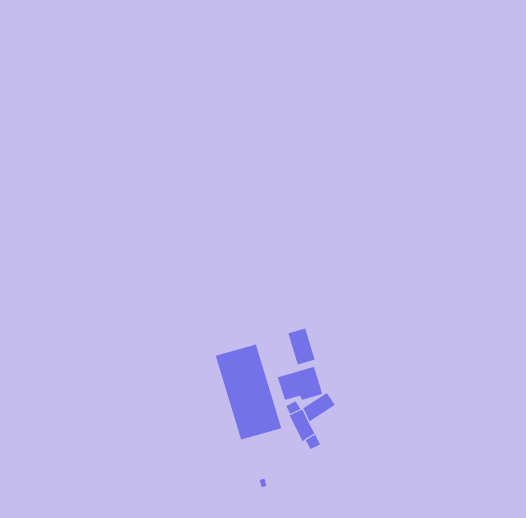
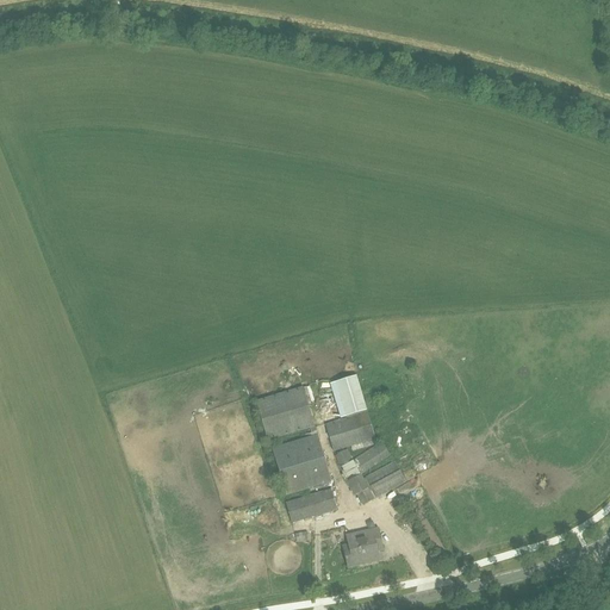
building: none -> [366,460,405,496]
building: none -> [285,487,337,521]
building: none -> [343,527,382,566]

